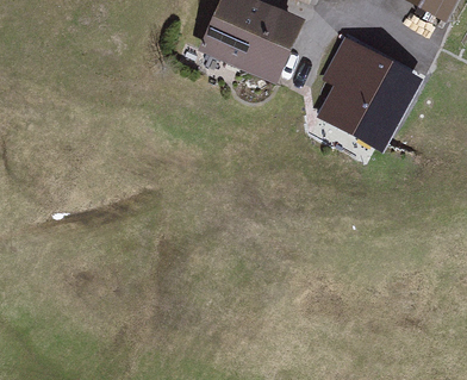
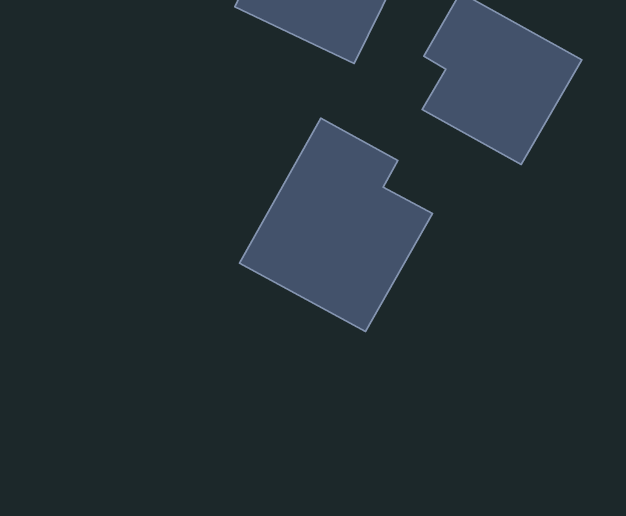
building: none -> [240,118,432,331]

